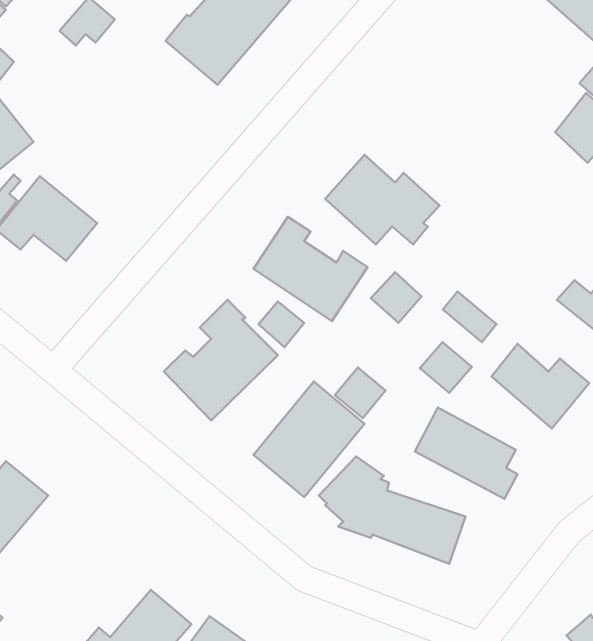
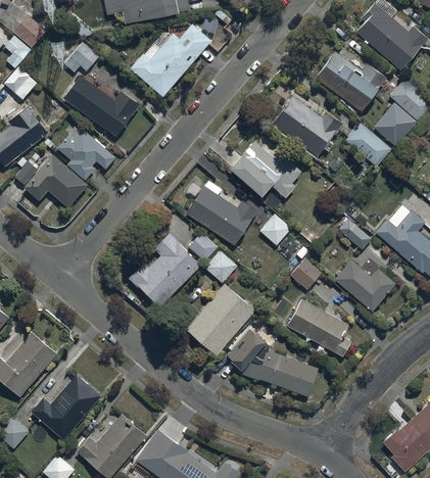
building: none -> [315,51,386,111]
building: none -> [63,76,139,137]
building: none -> [271,96,341,156]
building: none -> [345,123,390,166]
building: none -> [57,129,115,181]
building: [443,292,496,342] -> [337,219,371,250]
building: [335,368,385,418] -> [204,250,236,282]
building: none -> [32,375,101,440]

